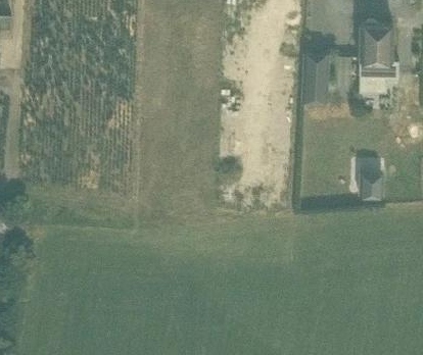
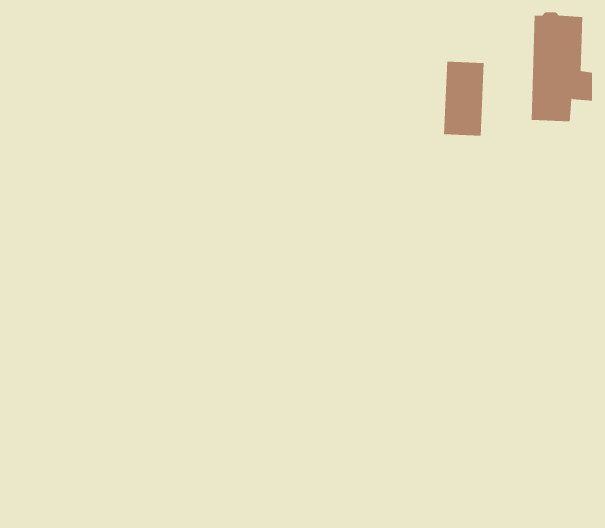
building: [362,165,383,191] -> none

